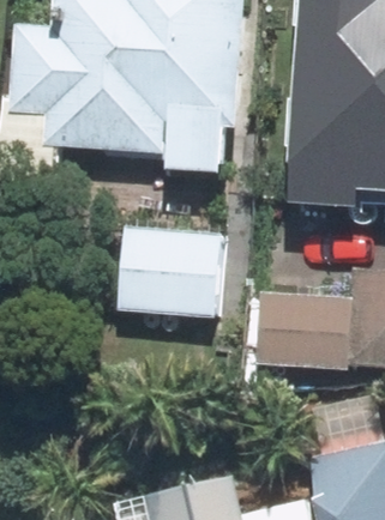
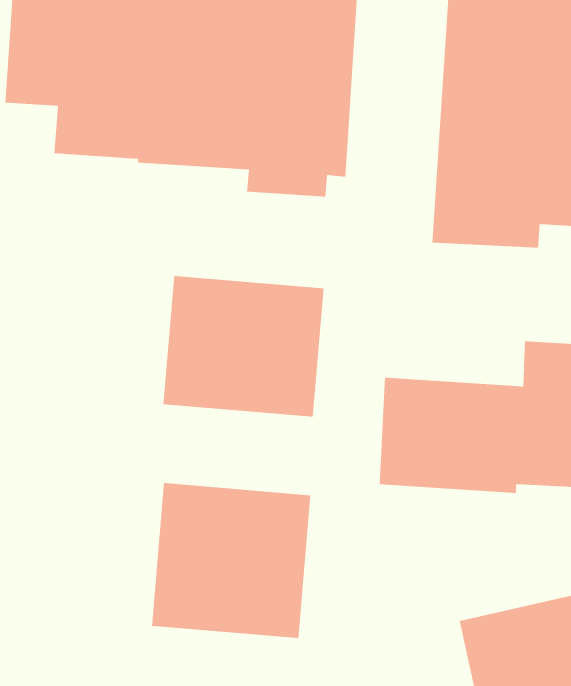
building: none -> [151,482,311,639]

